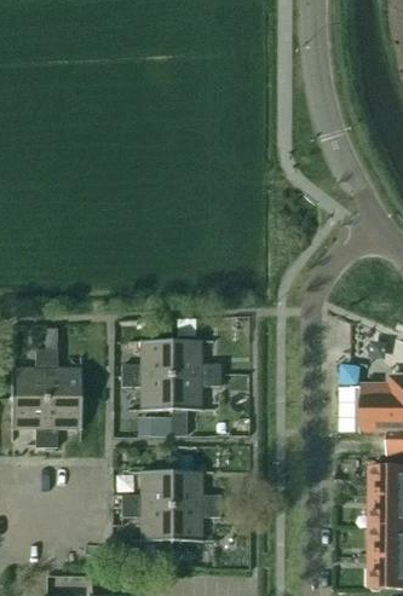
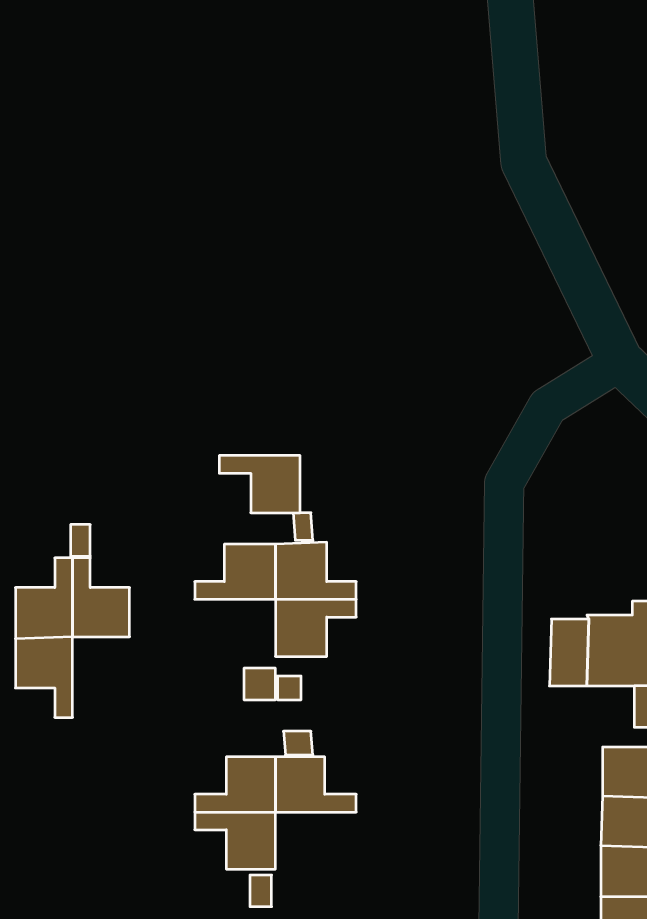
building: [121,375,171,410] -> [219,456,300,513]
building: [46,398,81,447] -> none
building: [171,505,220,540] -> none

